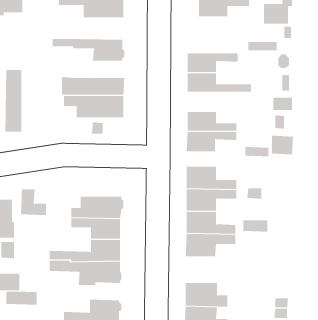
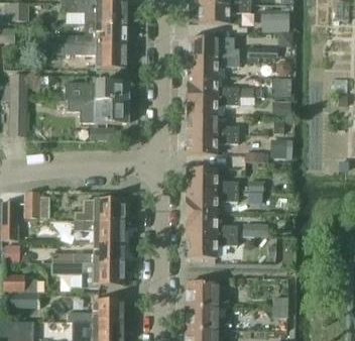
building: none -> [65,24,127,45]
building: none -> [189,37,239,59]
building: none -> [189,97,239,116]

